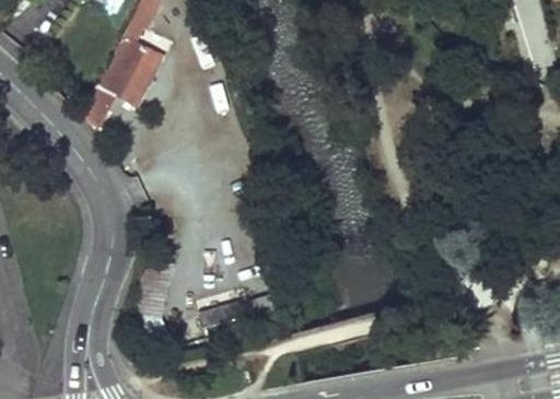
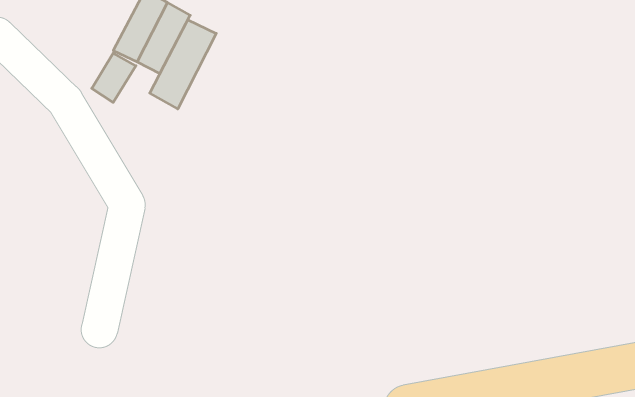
building: none -> [150,20,216,109]

